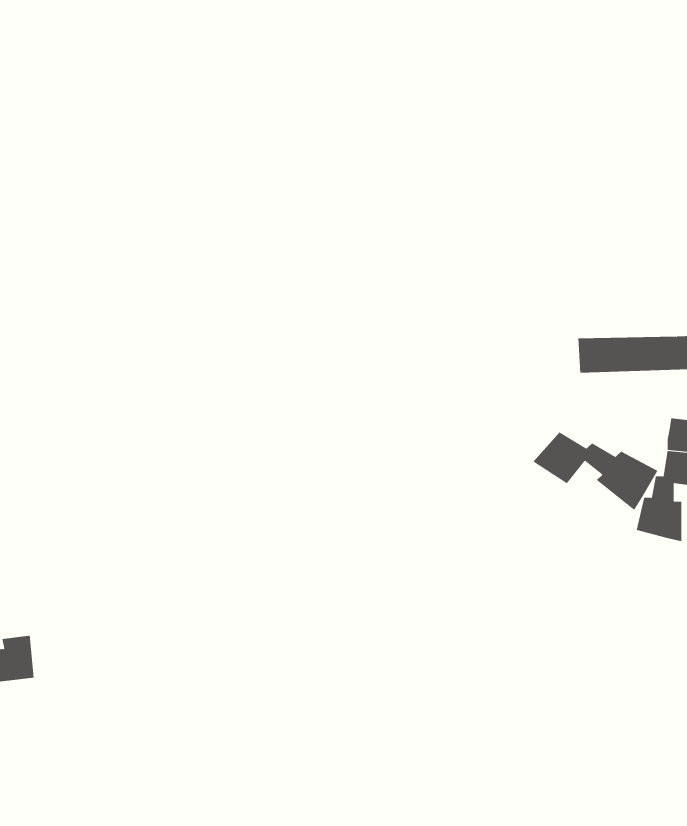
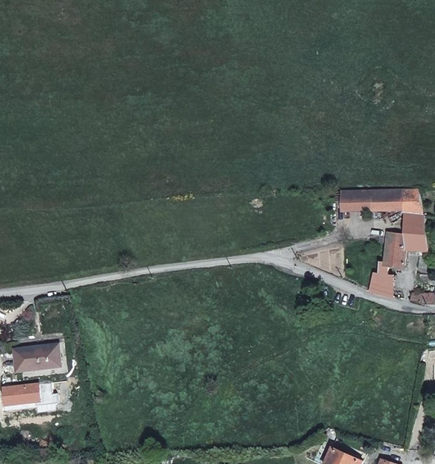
building: [533,431,658,511] -> none

